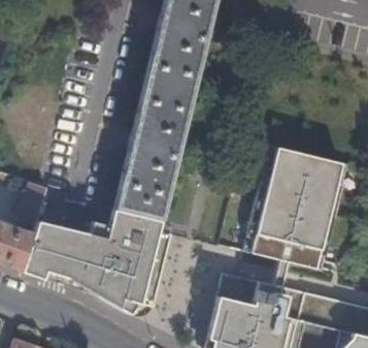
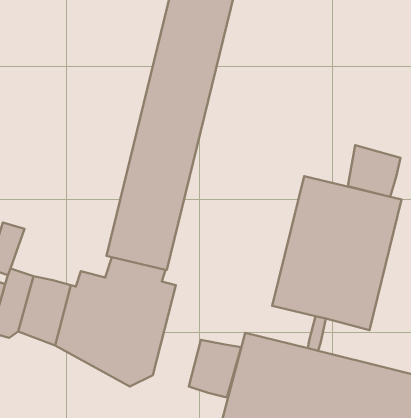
building: none -> [348,145,401,197]
building: none -> [189,340,241,398]

